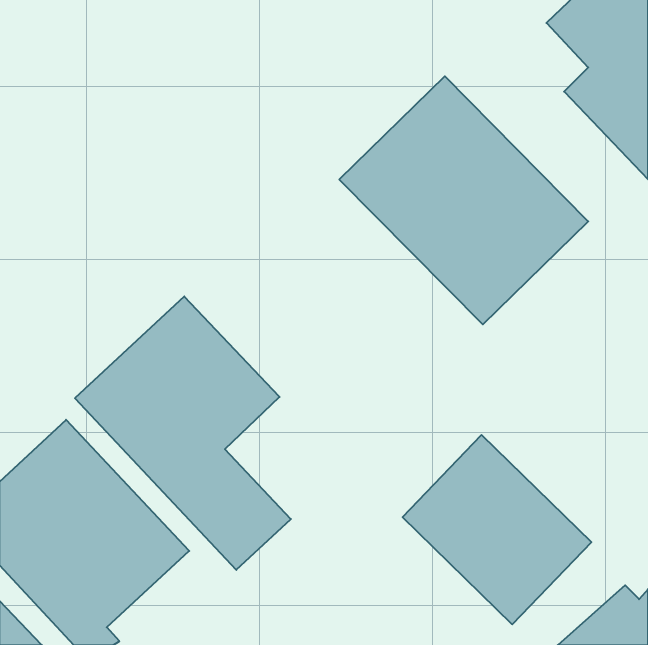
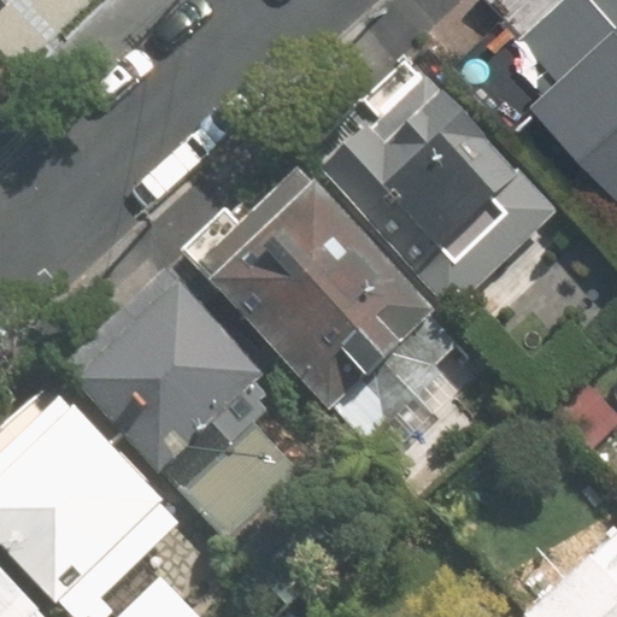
building: none -> [212,183,458,434]
building: [403,435,591,624] -> none

